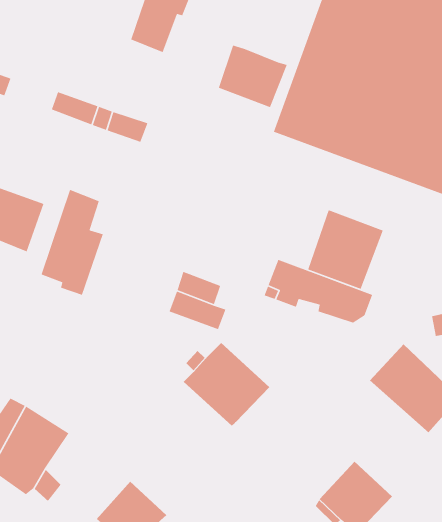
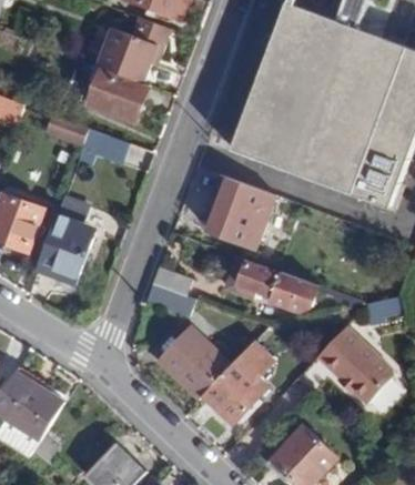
building: [218,45,288,108] -> [90,69,149,122]
building: [307,209,384,290] -> [210,179,274,246]
building: none -> [202,341,272,422]

